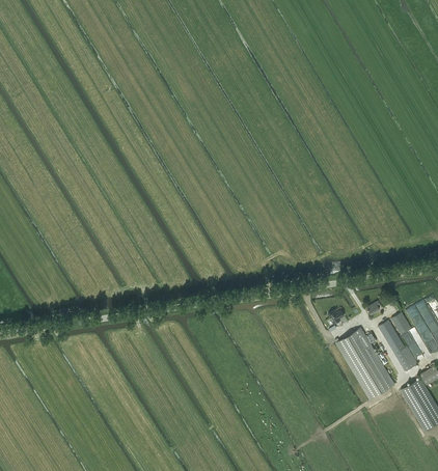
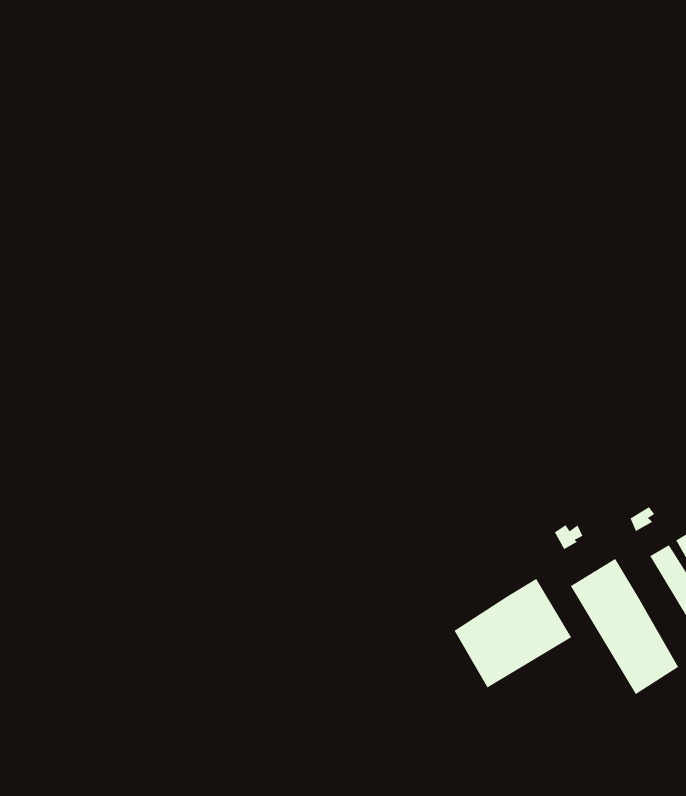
building: none -> [453,578,572,689]

